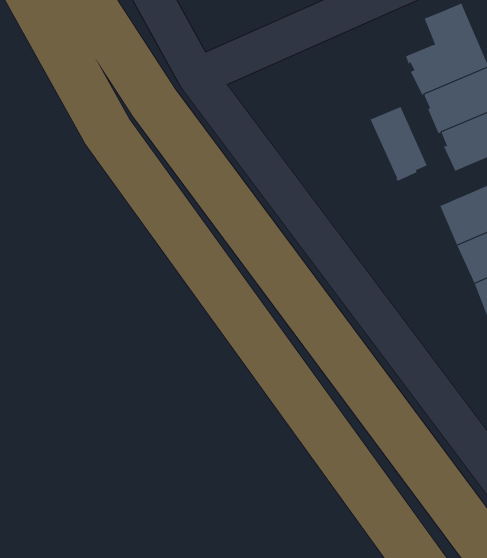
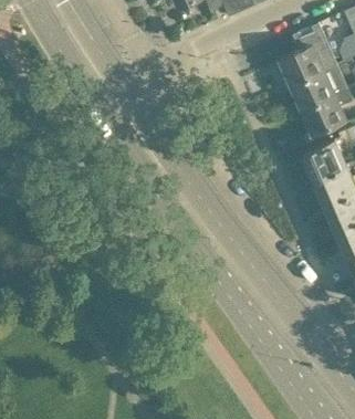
building: [370,106,427,181] -> none

